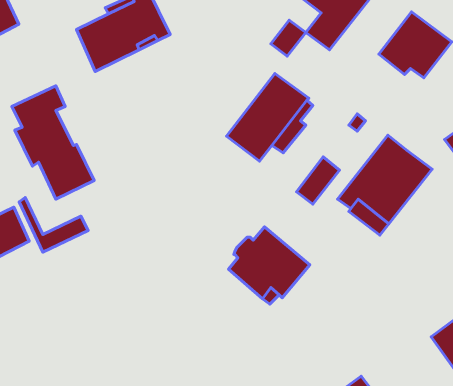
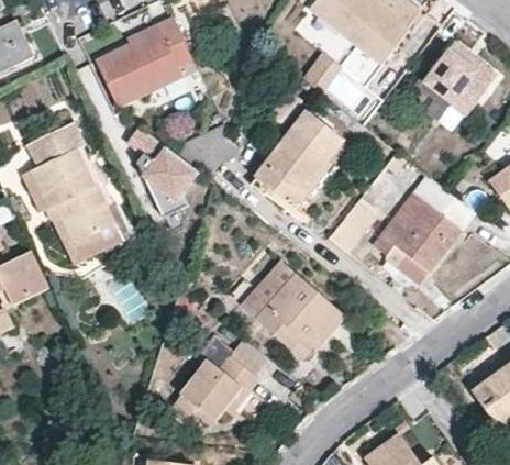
building: none -> [133,131,197,215]
building: [19,198,88,252] -> [47,203,121,262]
building: none -> [169,355,256,421]

